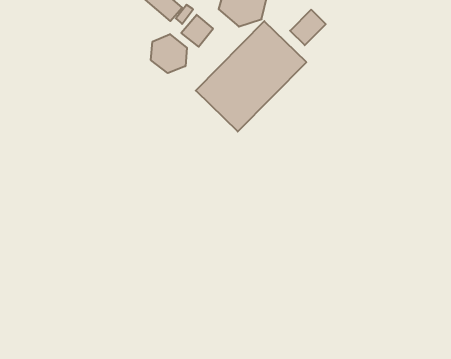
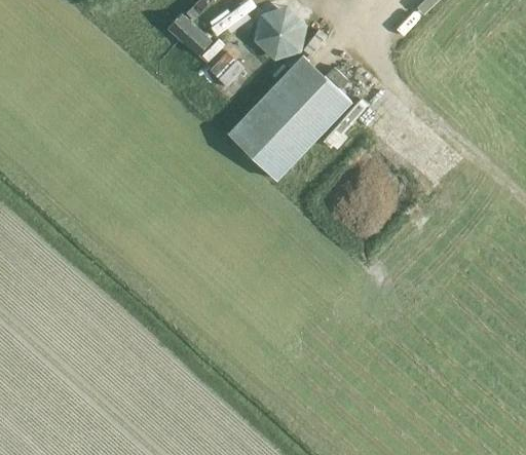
building: [290,10,326,45] -> none
building: [151,34,187,73] -> none

